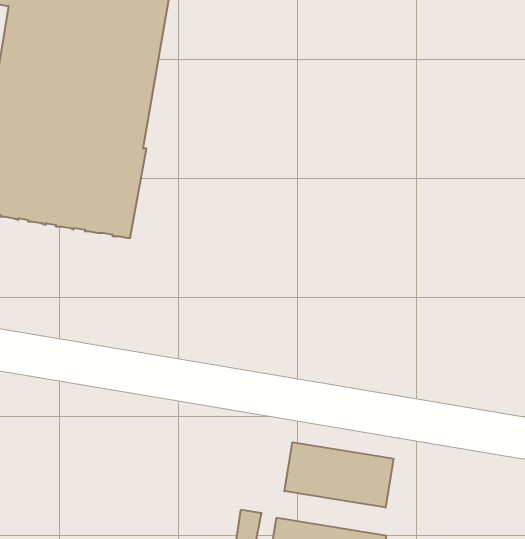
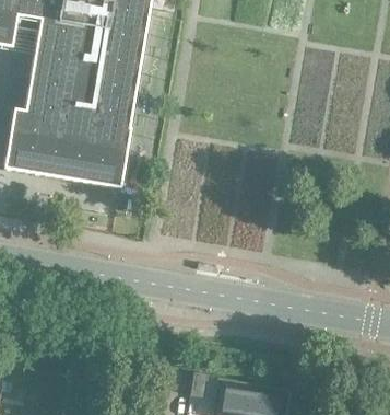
building: [284,442,393,508] -> none

